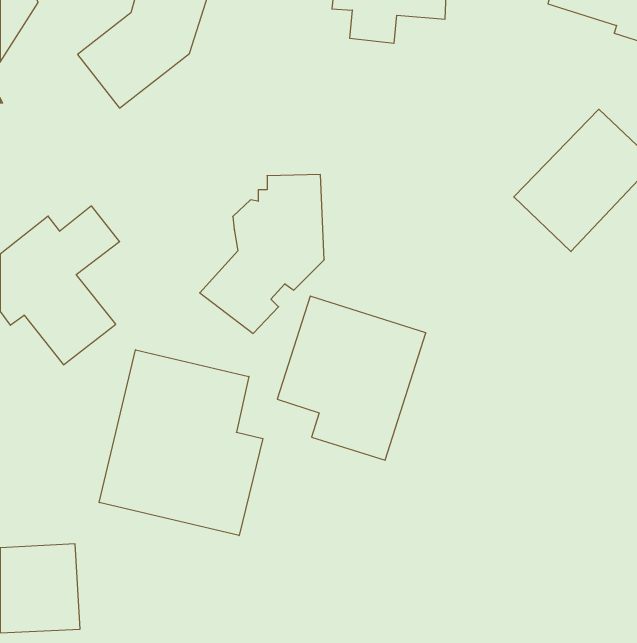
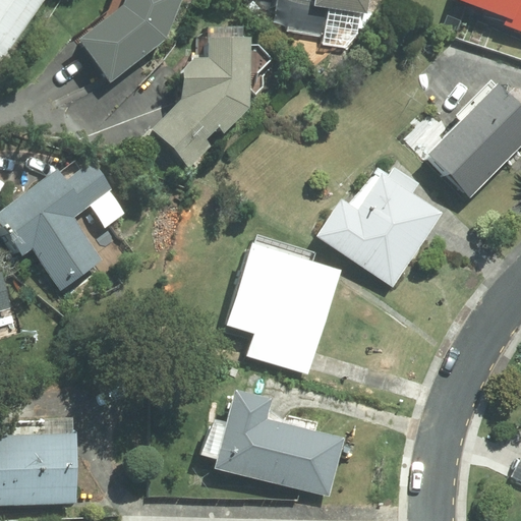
building: [200,175,324,333] -> [143,44,243,171]
building: none -> [312,163,438,287]
building: [99,350,263,536] -> none
building: none -> [227,386,356,489]

